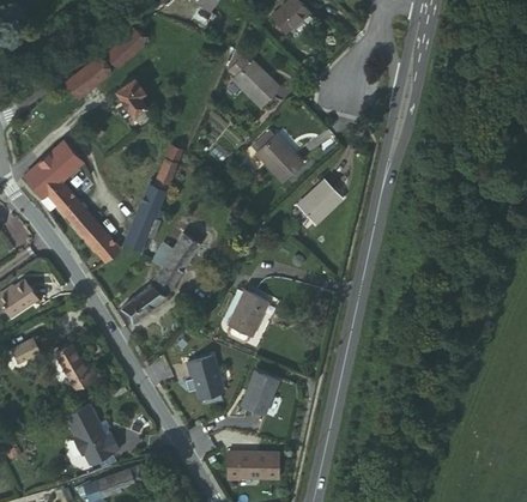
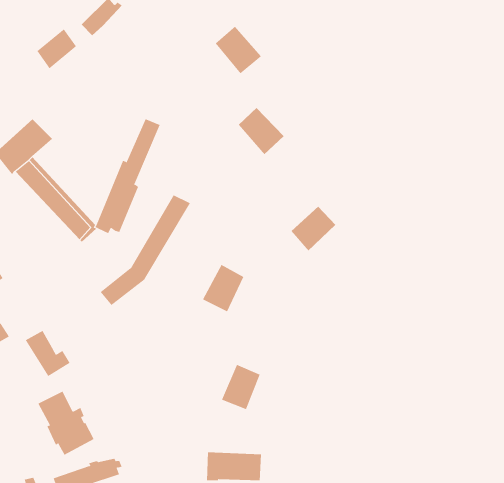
building: [115,79,155,128] -> none
building: [293,181,337,224] -> [290,206,336,251]
building: [186,362,223,405] -> none

